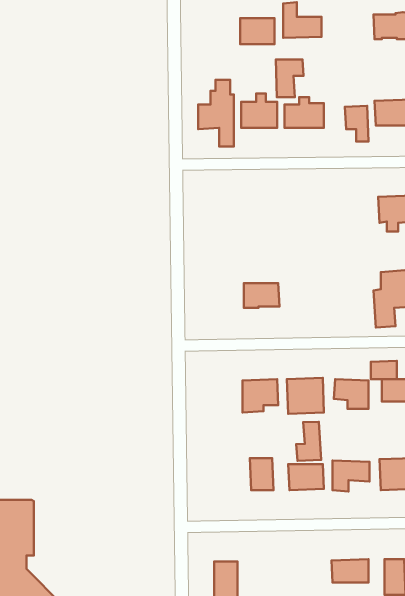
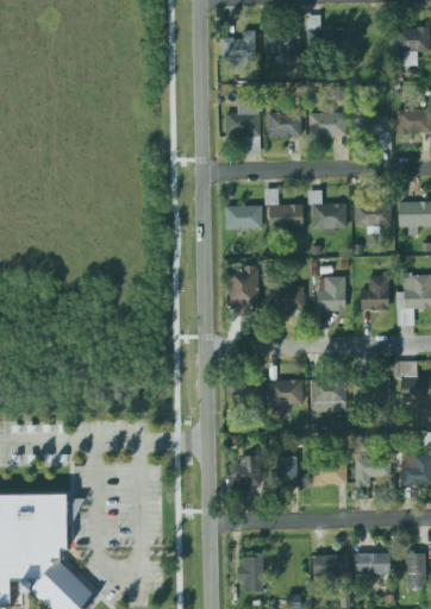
building: none -> [220,29,255,58]
building: [276,59,304,97] -> none
building: none -> [310,189,346,236]
building: none -> [268,201,305,231]
building: none -> [354,201,391,226]
building: none -> [224,202,263,230]
building: none -> [229,263,257,300]
building: none -> [317,276,345,310]
building: none -> [357,276,386,308]
building: [296,422,321,461] -> none
building: none -> [227,456,261,486]
building: none -> [312,554,348,576]

